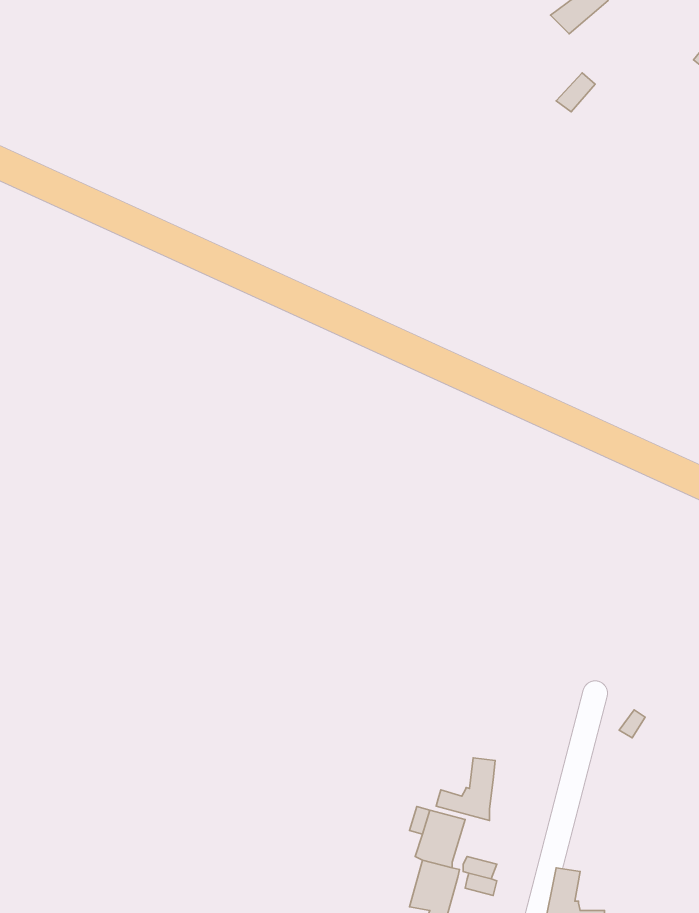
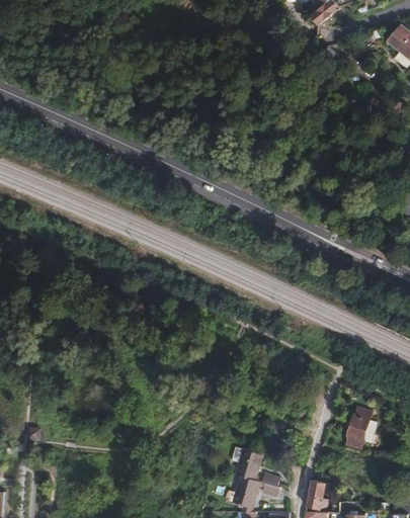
building: none -> [347,412,370,440]
building: [436,758,495,821] -> none

